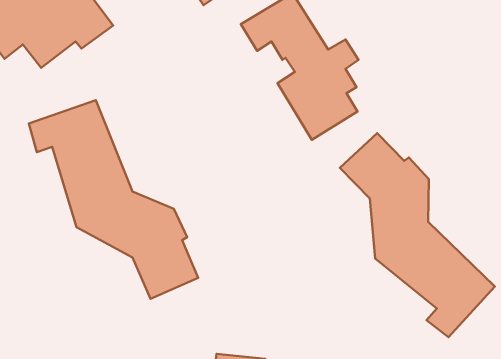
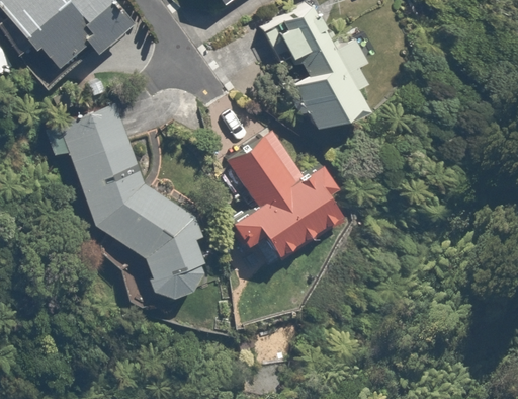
building: none -> [226,128,346,257]
building: [340,133,495,337] -> none

